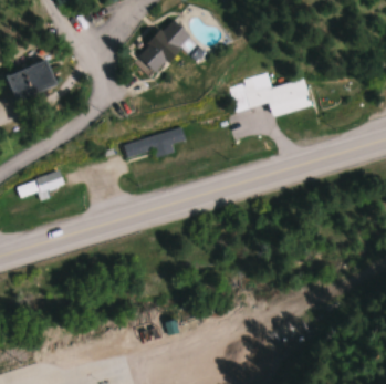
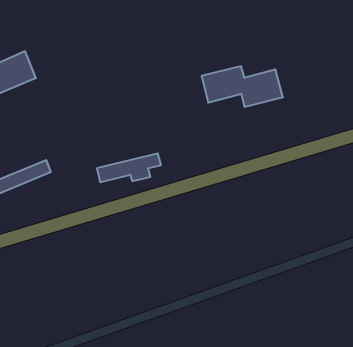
building: [135,18,194,75] -> none
building: [119,128,186,158] -> [97,153,161,182]

